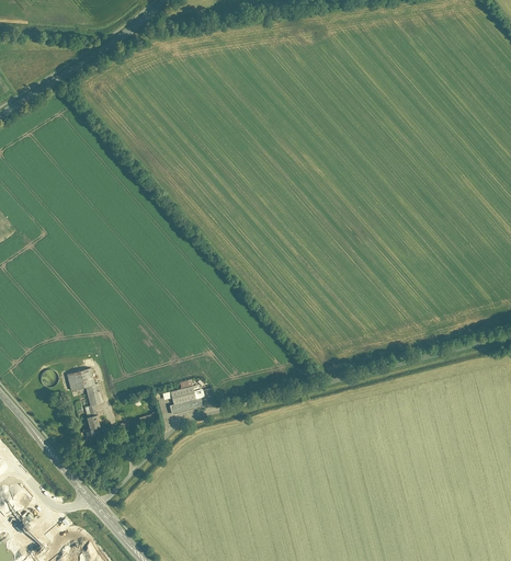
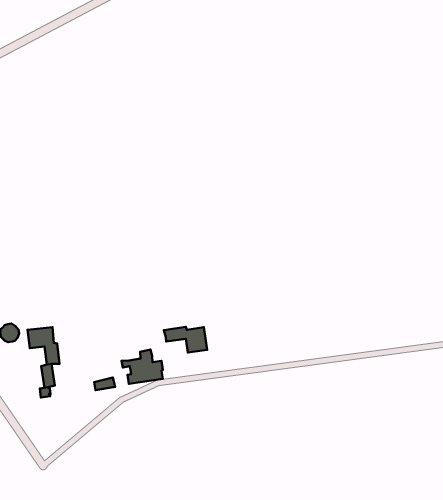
building: none -> [164,327,207,352]

